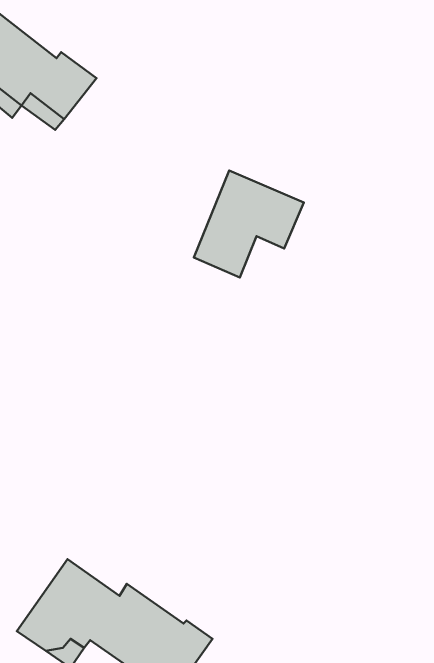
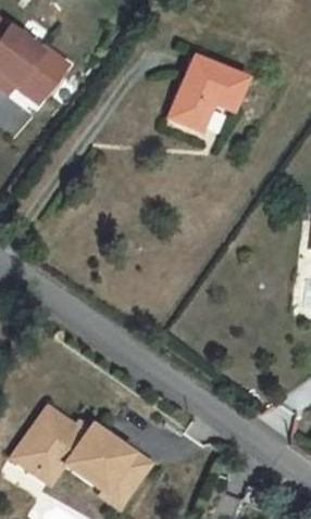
building: [194,171,304,277] -> [171,55,249,131]

